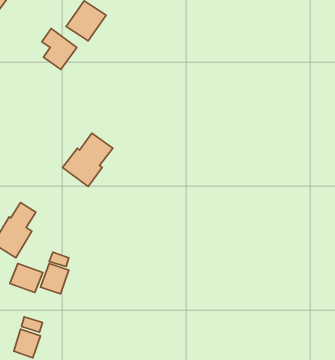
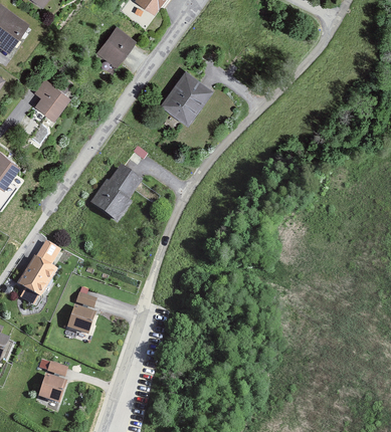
building: [42,29,77,69] -> [33,78,70,122]
building: none -> [159,70,213,126]
building: [10,263,43,293] -> none

